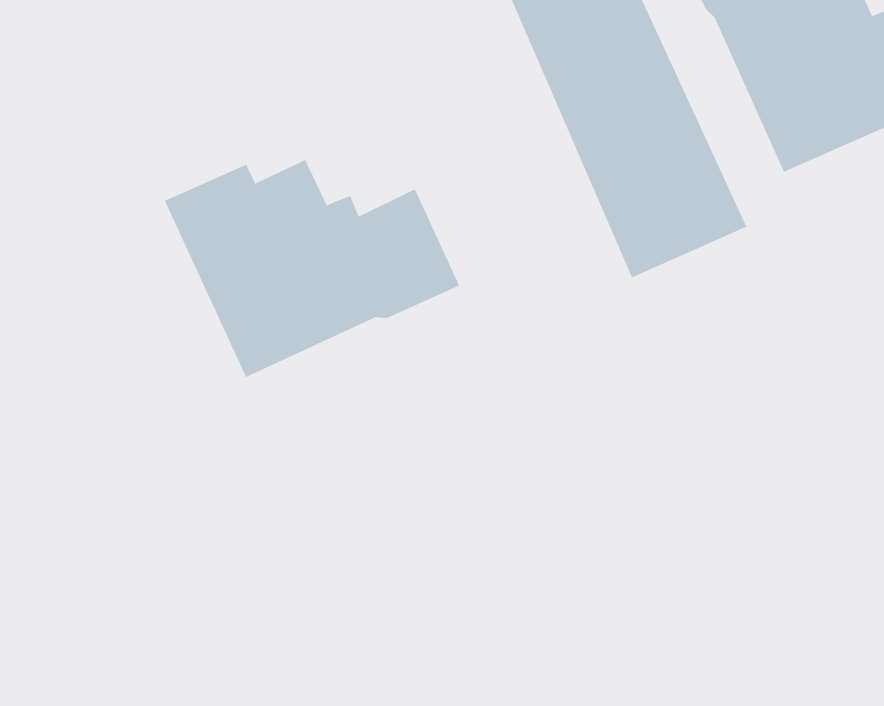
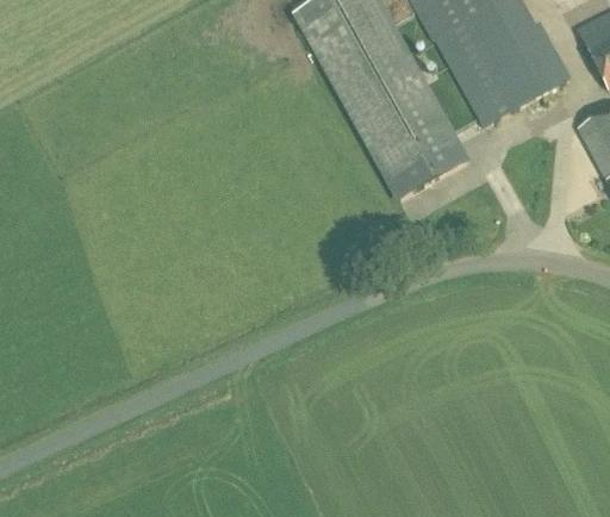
building: [164,159,460,378] -> none

